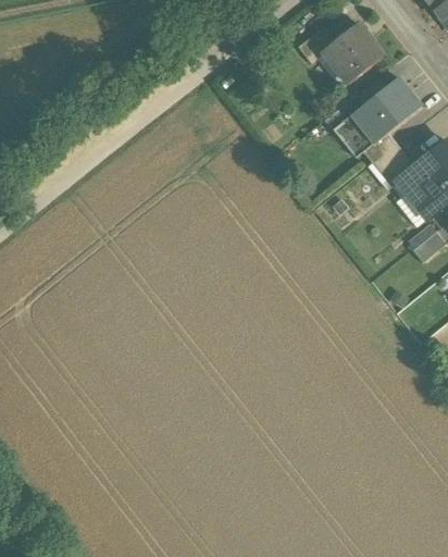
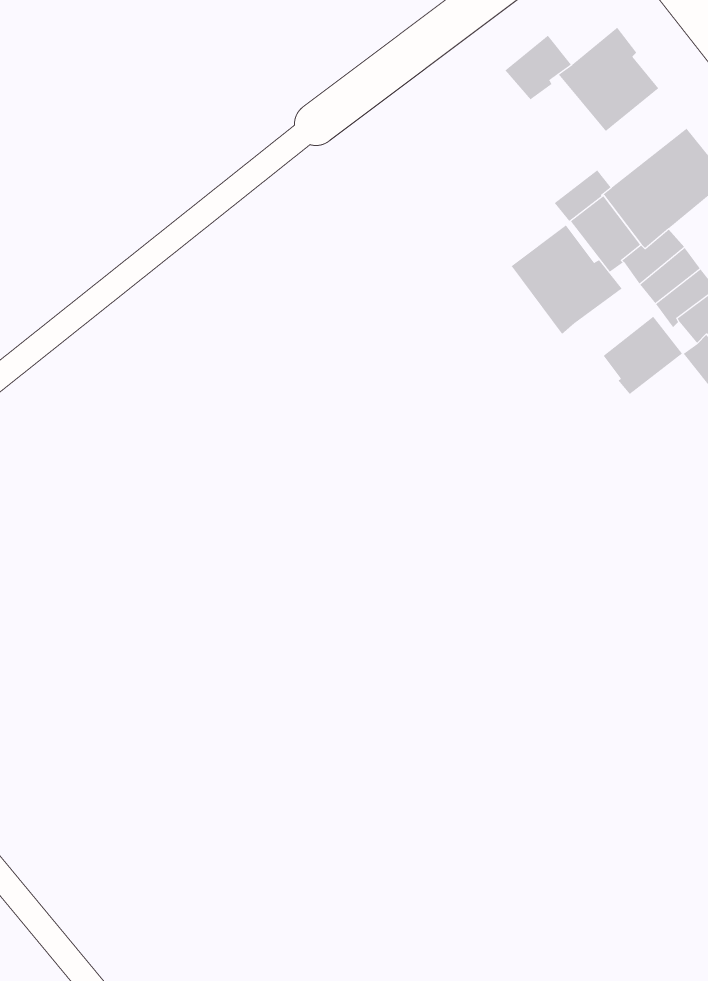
building: none -> [511,225,622,335]
building: none -> [603,316,683,395]

